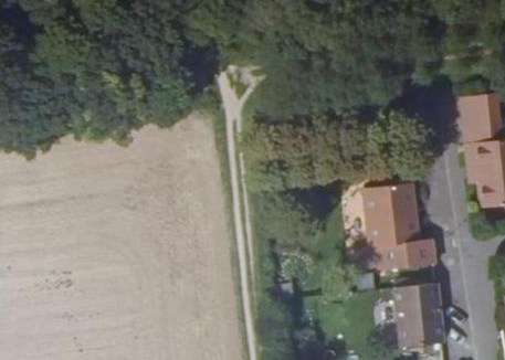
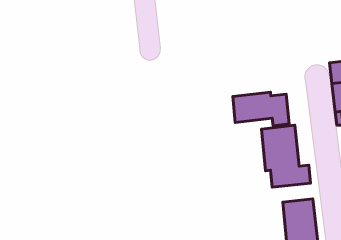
building: none -> [233,92,289,126]

